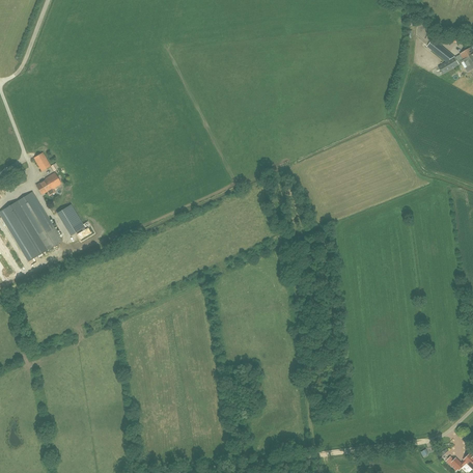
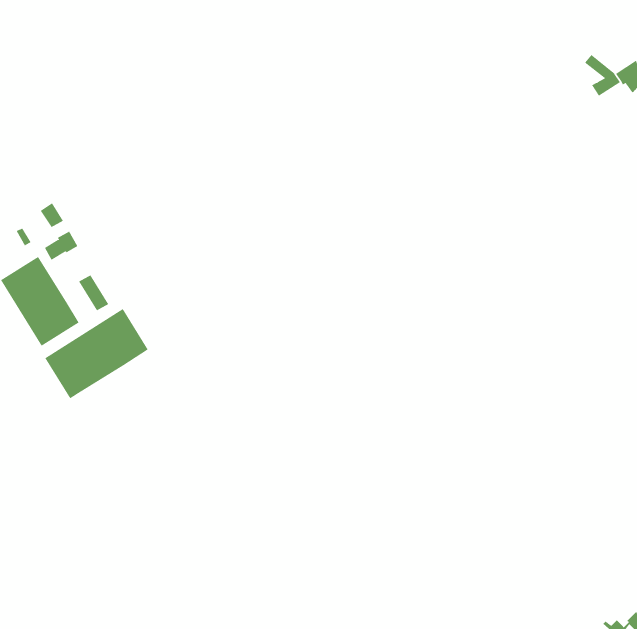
building: none -> [44,308,149,399]

